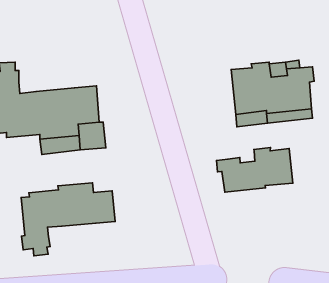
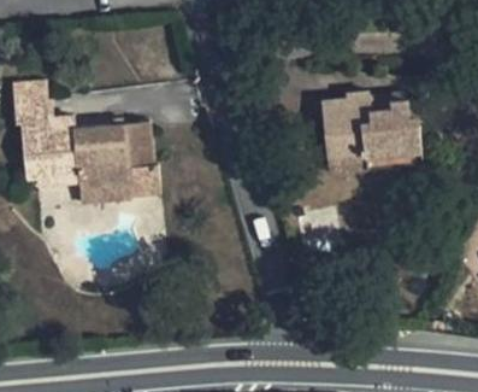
building: [217,148,293,192] -> none
building: [21,183,115,256] -> none

